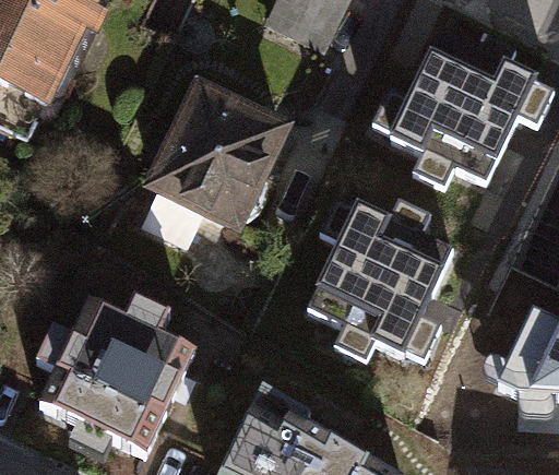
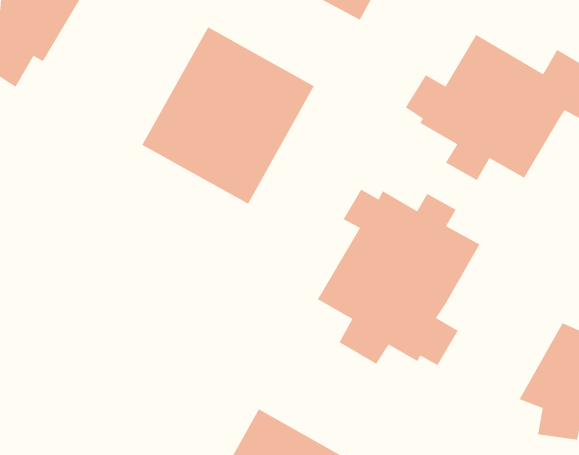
building: [35,295,193,459] -> none

